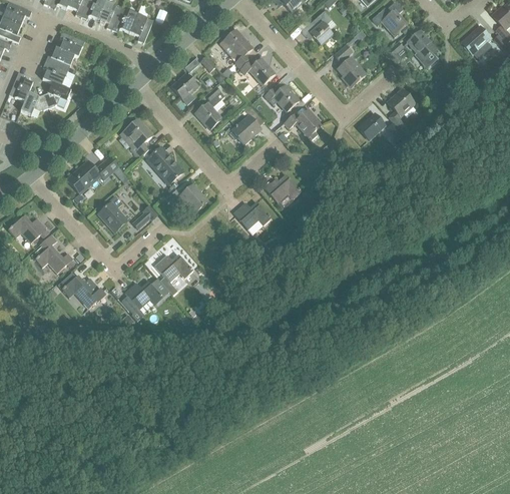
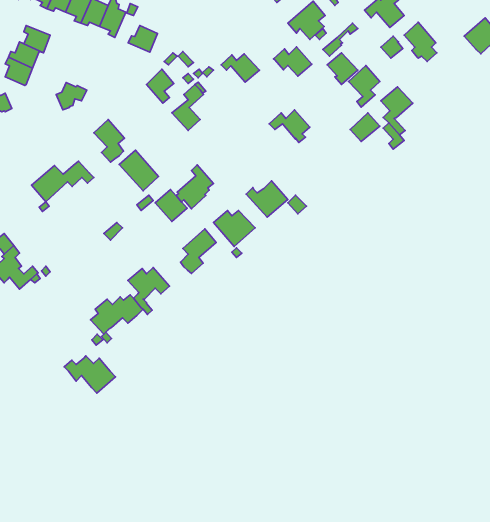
building: [219,29,251,67] -> none
building: none -> [128,26,157,52]
building: none -> [348,65,380,107]
building: [42,83,70,108] -> [56,82,87,110]
building: [264,84,299,111] -> [274,47,312,76]
building: [229,104,264,144] -> [176,165,213,209]
building: [99,195,127,231] -> none
building: none -> [180,229,216,274]
building: [57,275,104,309] -> [64,356,116,393]

